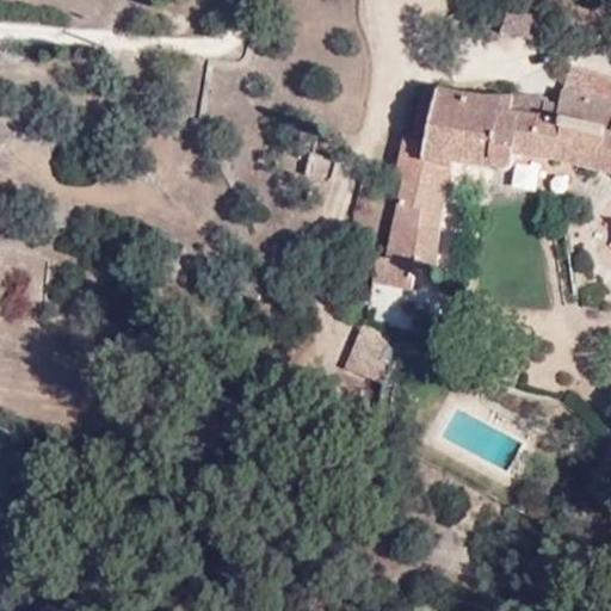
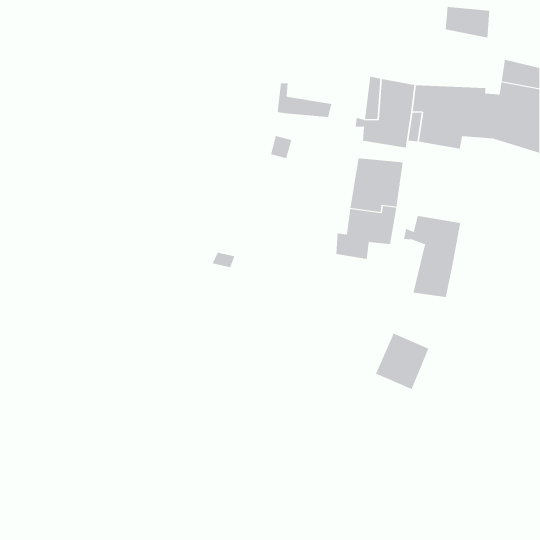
building: [396,143,458,183] -> [277,83,332,118]
building: none -> [404,215,461,298]
building: [340,322,401,387] -> [375,333,429,390]

